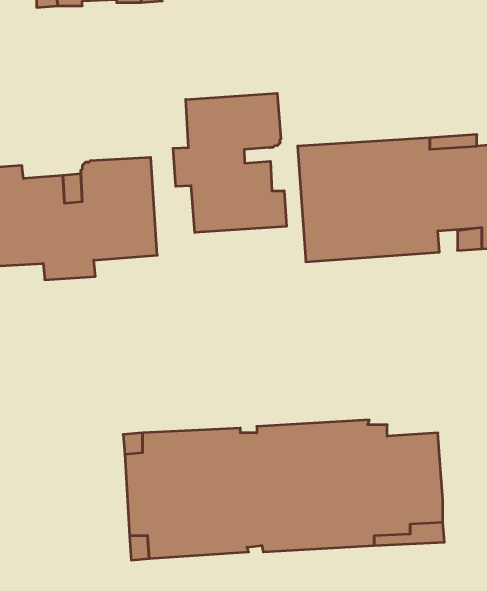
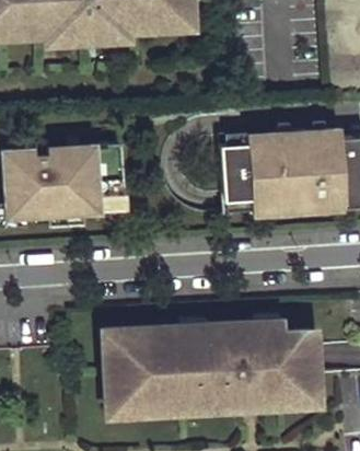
building: [173,93,286,233] -> none

